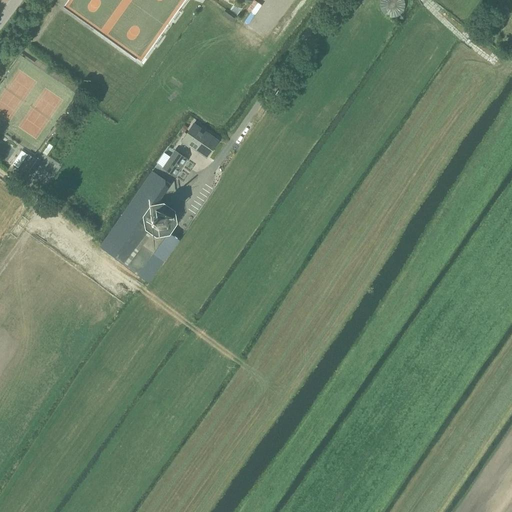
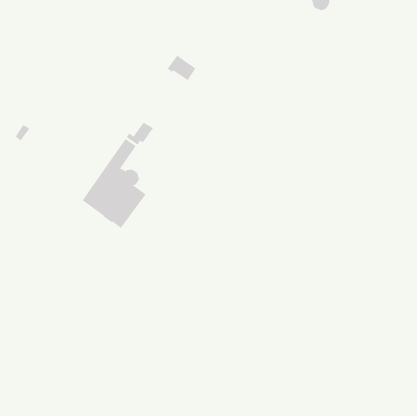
building: [183,122,219,154] -> [167,55,196,81]

